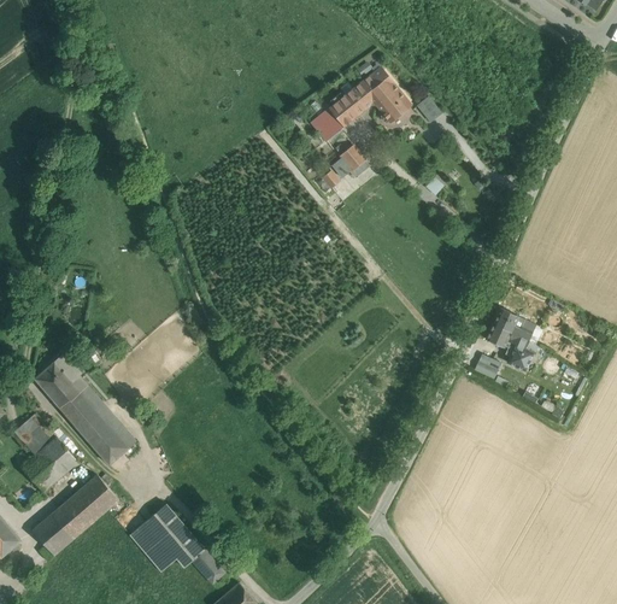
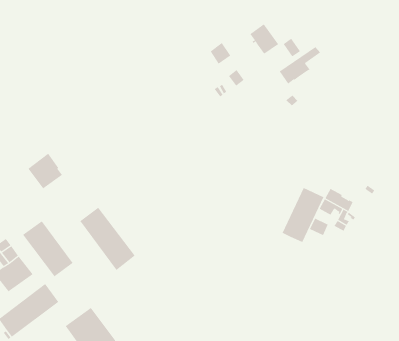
building: [328,68,387,125] -> [279,46,321,85]
building: none -> [282,187,324,243]
building: [34,353,86,406] -> [27,153,63,189]
building: none -> [80,207,135,271]

